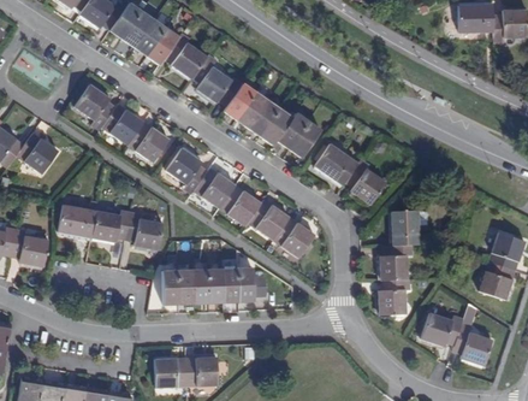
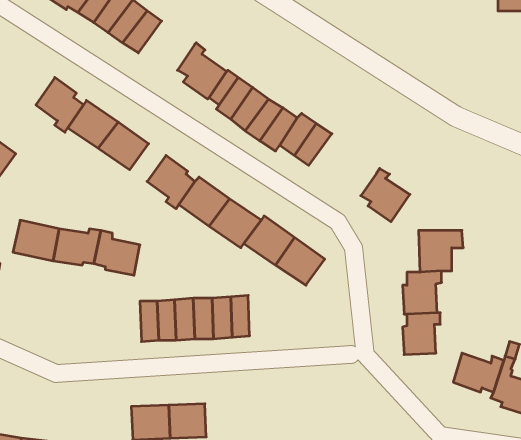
building: [166,33,207,79] -> none
building: [315,145,358,187] -> none

